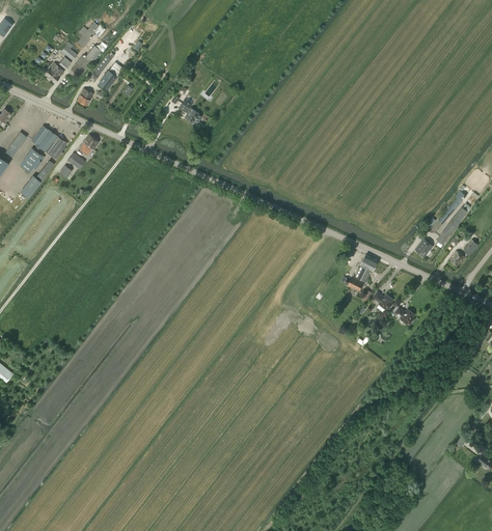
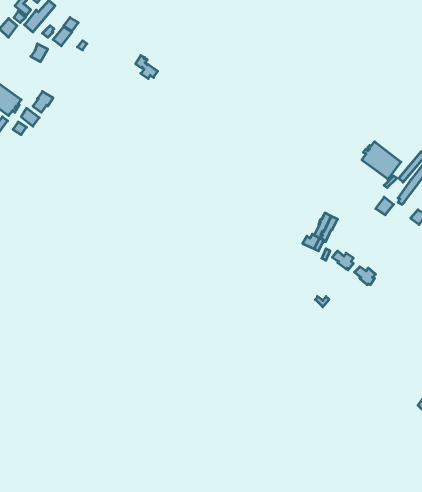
building: none -> [362,142,401,179]

